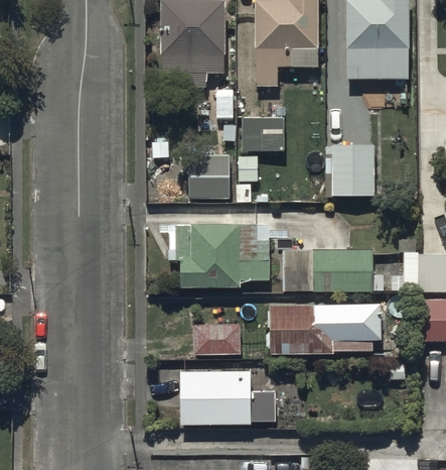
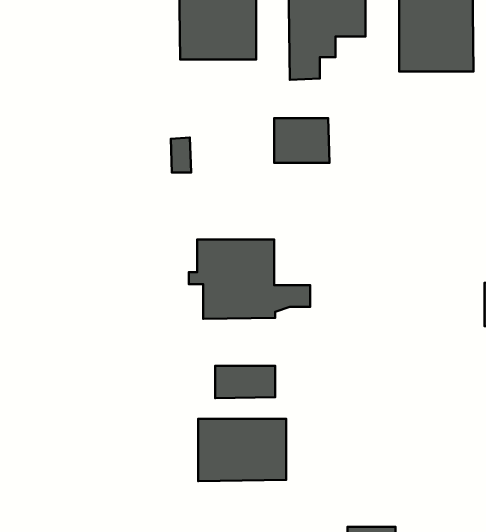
building: [330,144,375,200] -> none
building: [186,157,231,199] -> none
building: [279,253,375,290] -> none
building: [268,304,380,354] -> none

